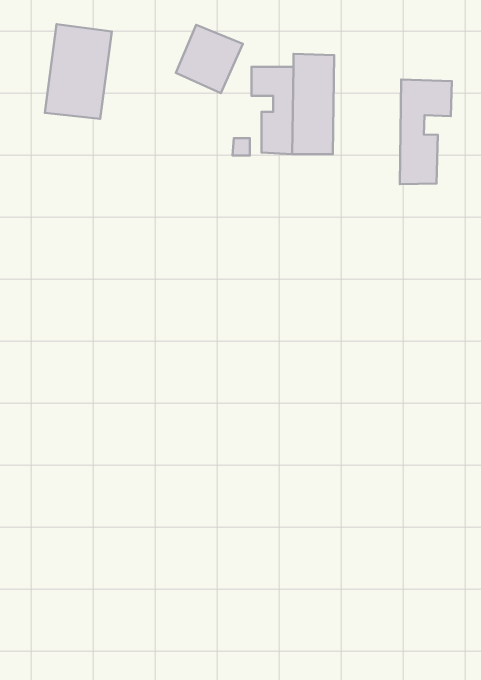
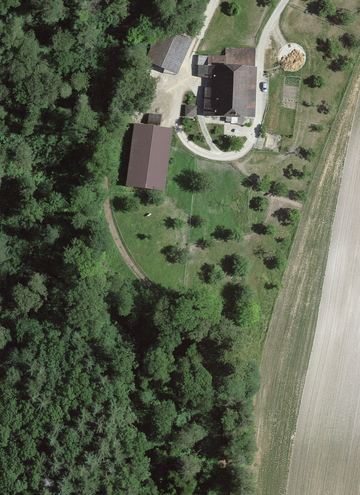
building: [45,24,112,119] -> [126,124,172,189]
building: [400,80,452,184] -> none

